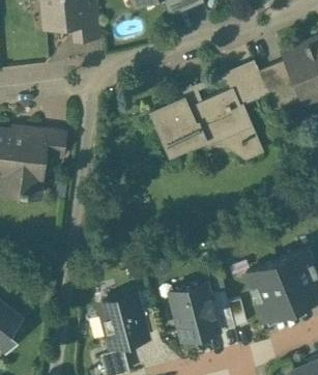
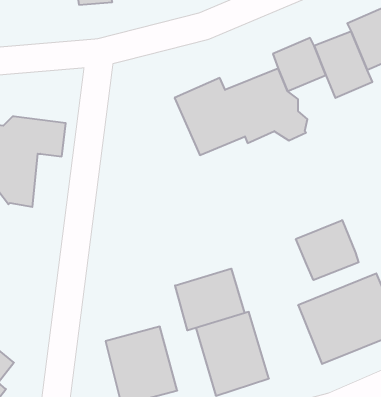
building: none -> [296,220,359,280]
building: none -> [175,269,244,330]

